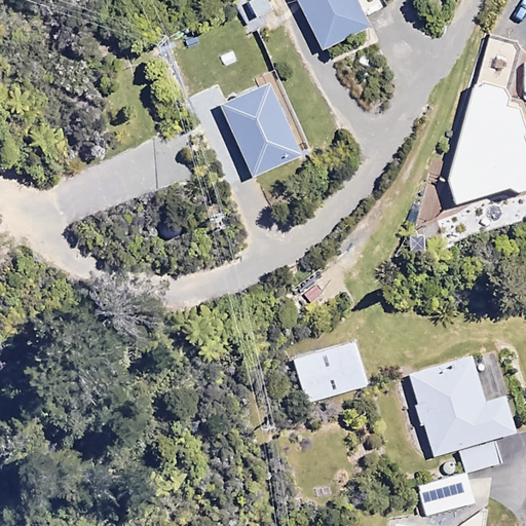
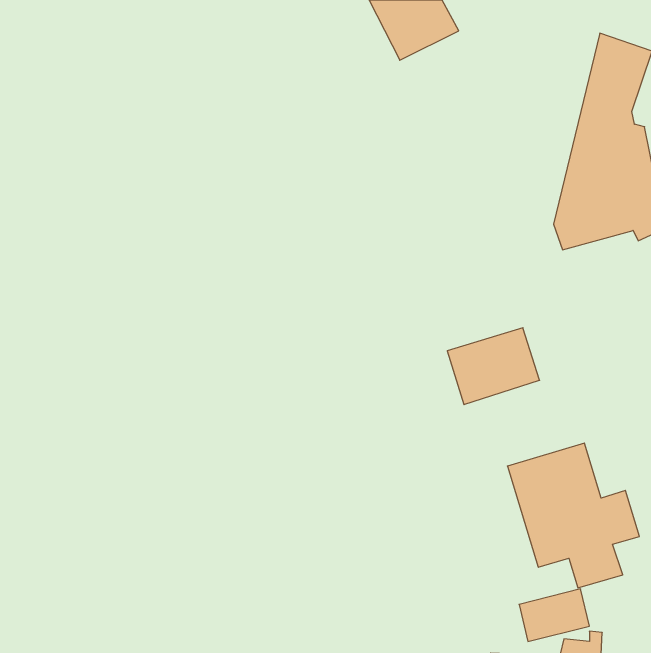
building: [209,84,311,178] -> none
building: [294,343,368,405] -> [447,328,540,405]

